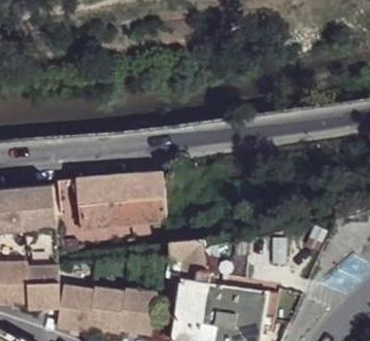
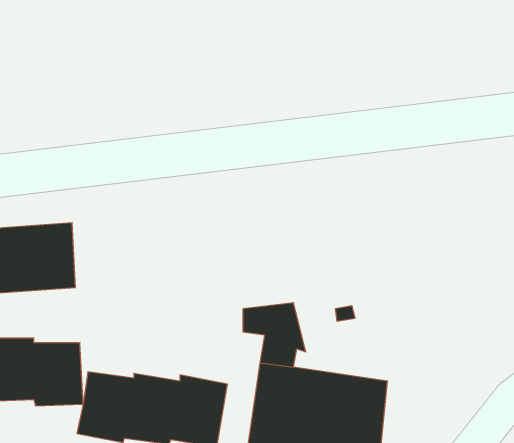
building: [75,170,163,228] -> none

